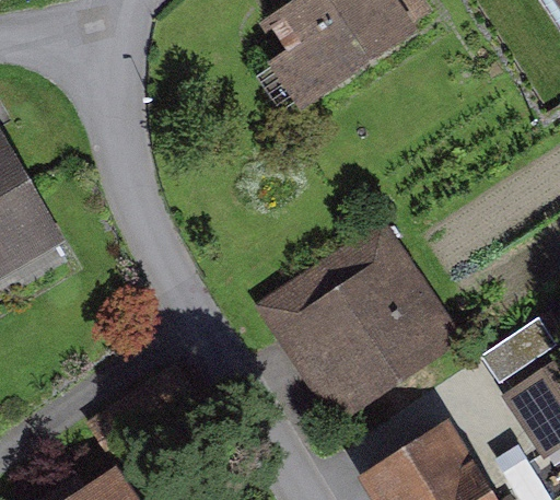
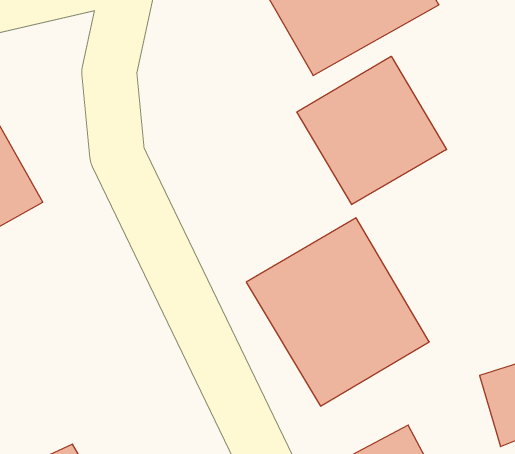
building: none -> [297,56,447,205]

